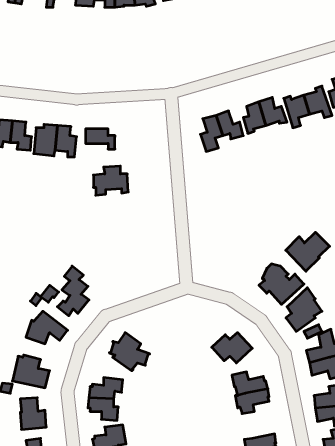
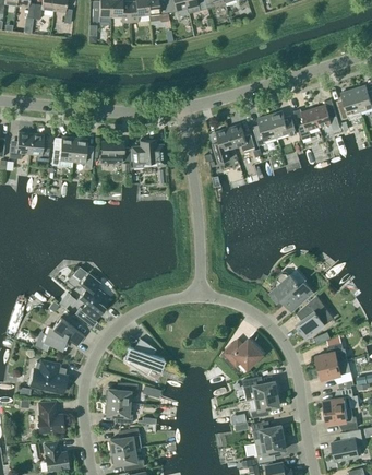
building: [93,166,128,195] -> [130,140,164,168]
building: [286,232,330,271] -> none
building: none -> [252,421,285,442]

